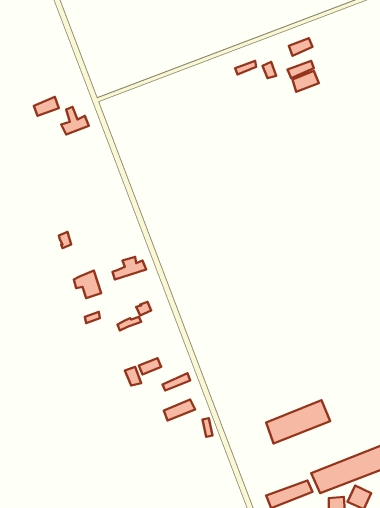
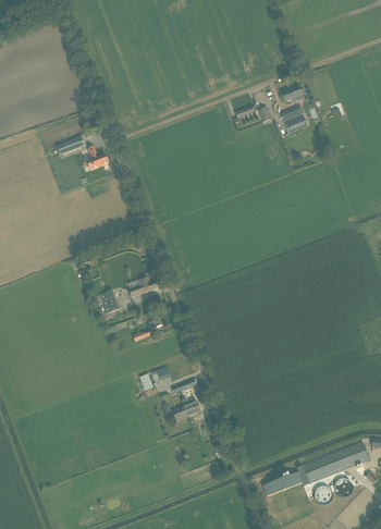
building: [266,400,330,443] -> none

